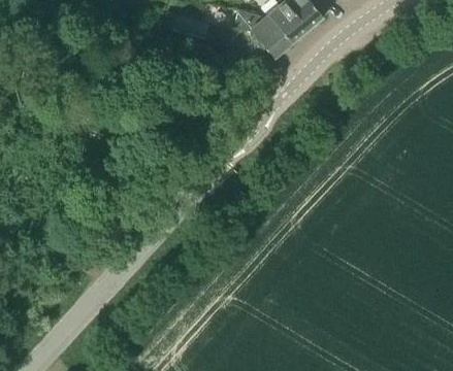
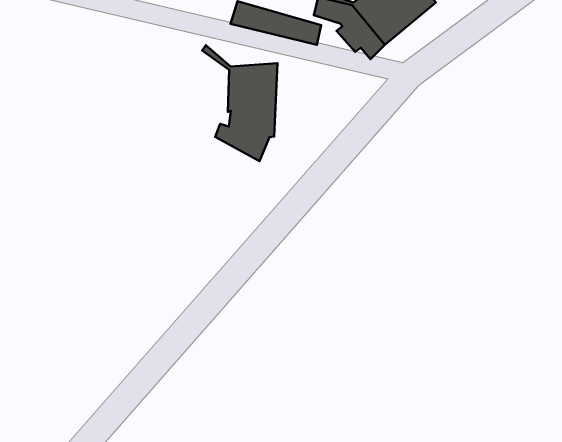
building: none -> [202,45,277,161]

